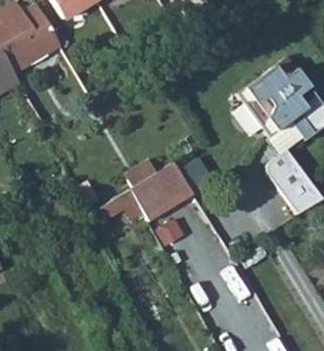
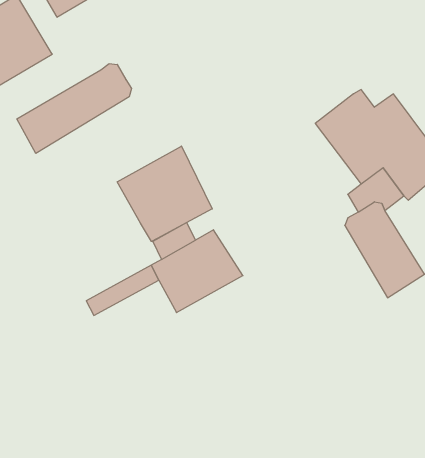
building: none -> [17,64,132,153]
building: none -> [117,146,212,241]

